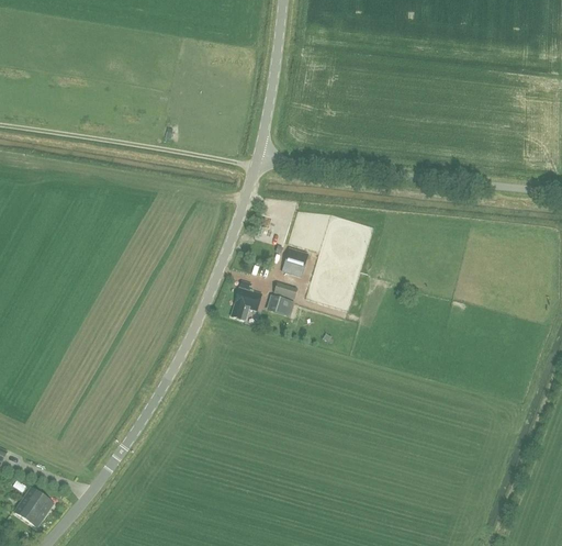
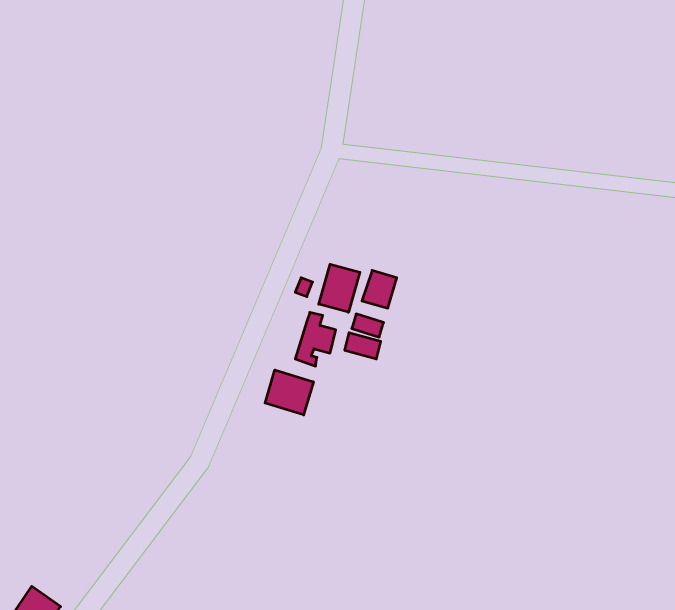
building: none -> [319,264,360,312]
building: none -> [265,370,313,415]

